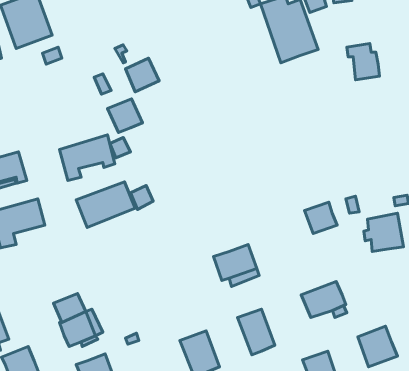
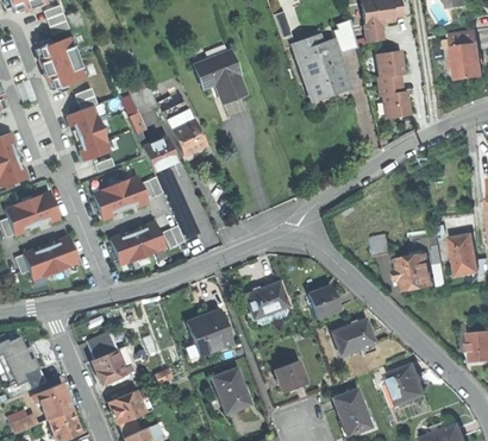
building: none -> [192,51,243,103]
building: none -> [376,51,403,87]
building: none -> [65,102,112,159]
building: none -> [168,120,204,156]
building: [305,202,337,233] -> [308,285,340,316]
building: none -> [187,309,232,354]

